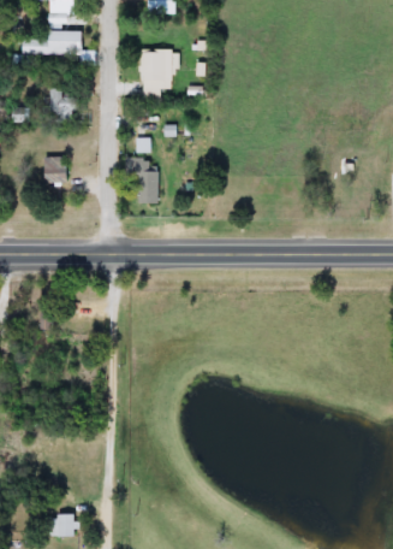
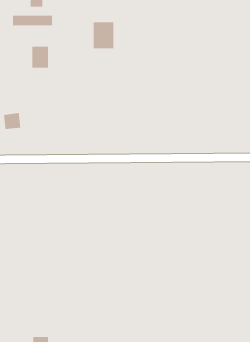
building: [40,158,66,183] -> [3,112,21,129]
building: [133,159,157,202] -> none

